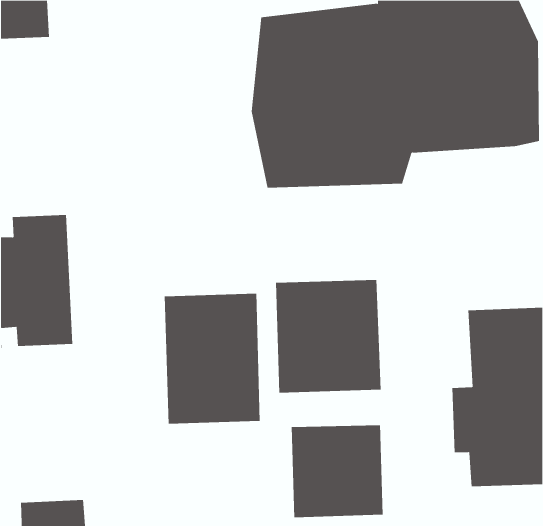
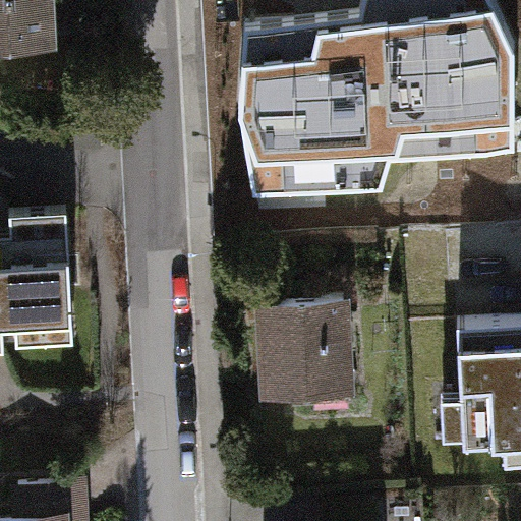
building: [164,293,260,424] -> none
building: [291,424,383,518] -> none

